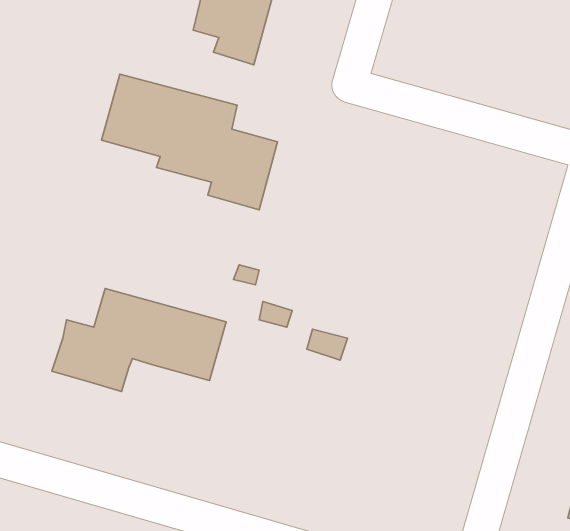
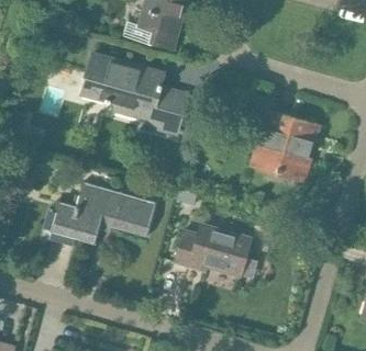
building: none -> [247,110,321,183]
building: none -> [175,223,252,276]

